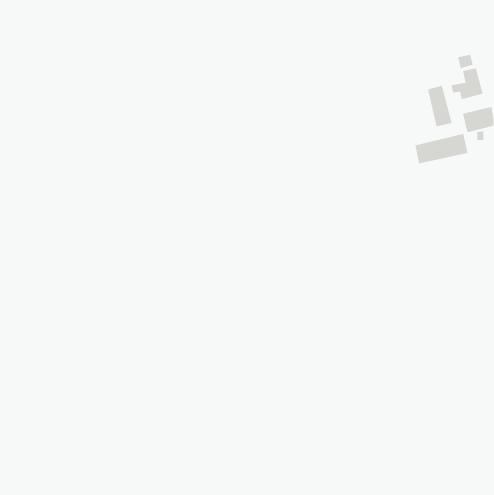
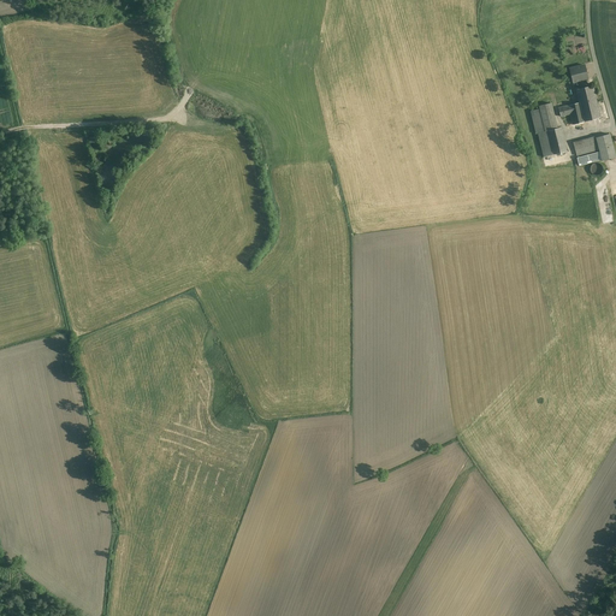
building: [415,133,468,164] -> none

